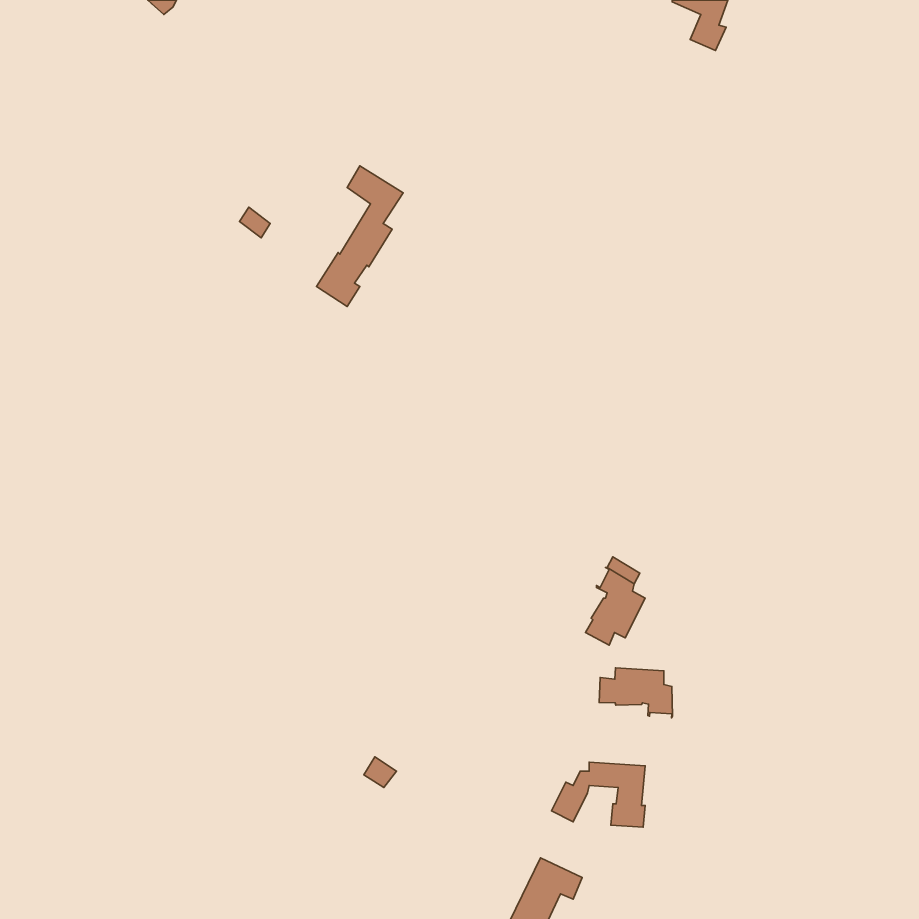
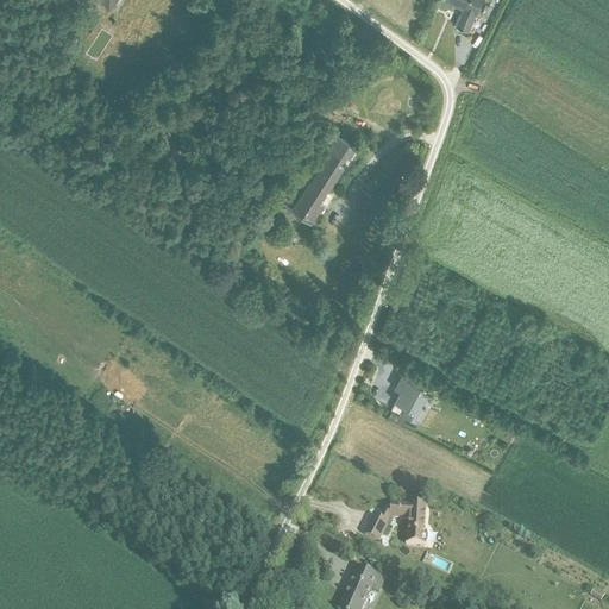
building: [317,166,403,306] -> [294,126,351,219]
building: [599,668,672,718] -> none

